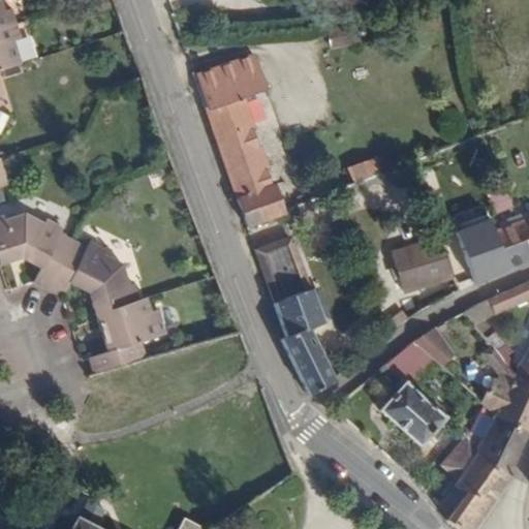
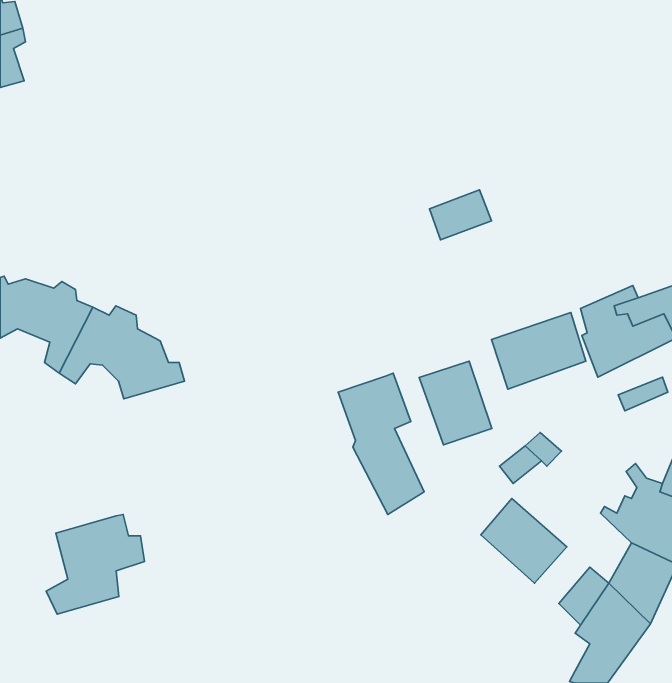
building: [192,53,285,223] -> none
building: [253,237,309,301] -> [419,361,492,445]
building: [100,291,176,368] -> [46,514,145,614]

